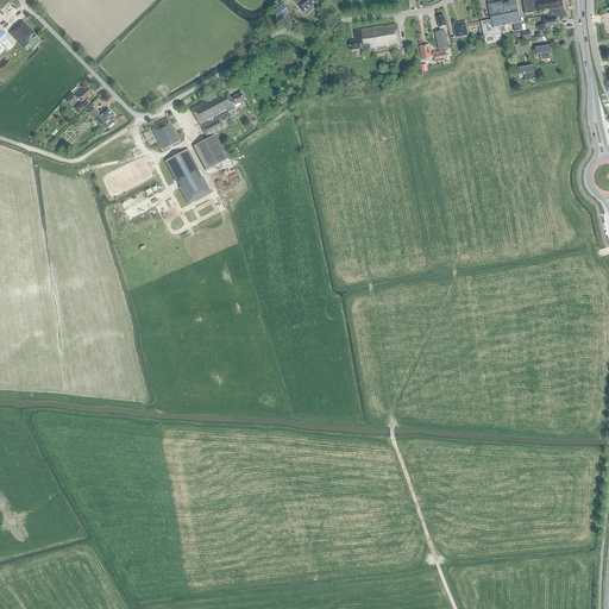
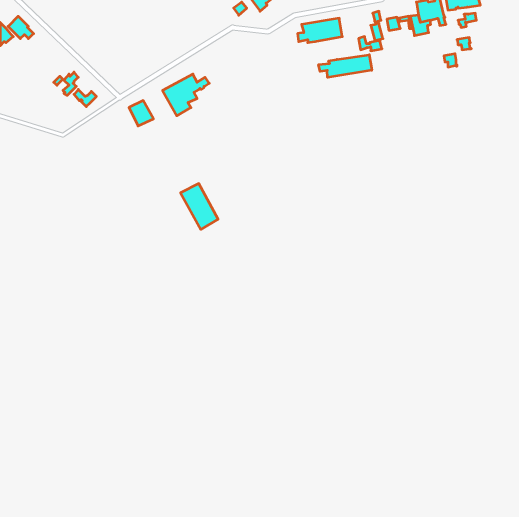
building: none -> [319,55,372,77]
building: [193,132,228,169] -> none
building: [165,149,209,202] -> [181,184,218,229]

